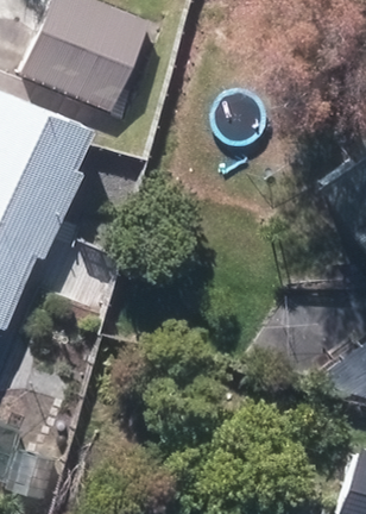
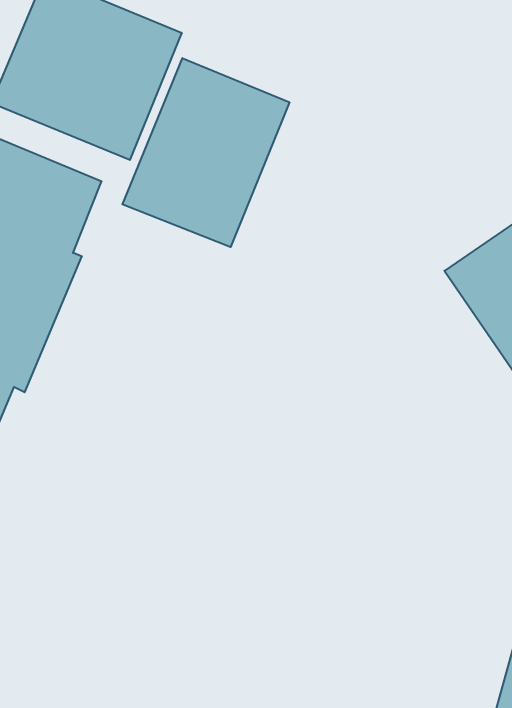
building: none -> [122,58,289,247]

